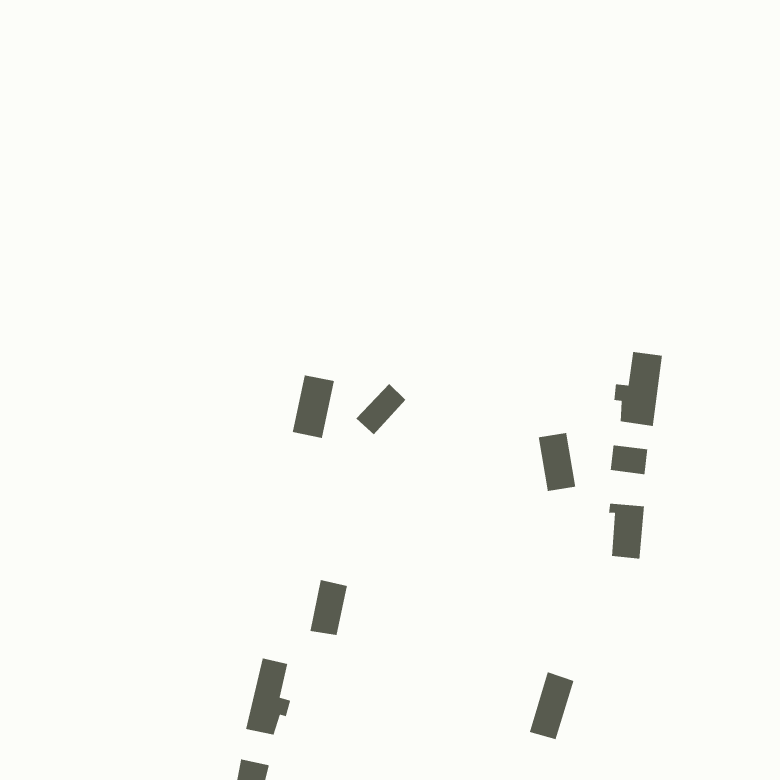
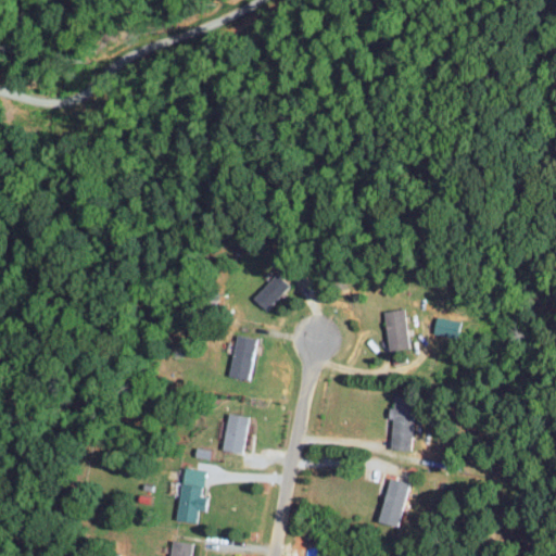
building: [614,351,663,427] -> none
building: [292,374,335,439] -> [228,334,258,380]
building: [608,503,645,559] -> [391,412,417,452]

